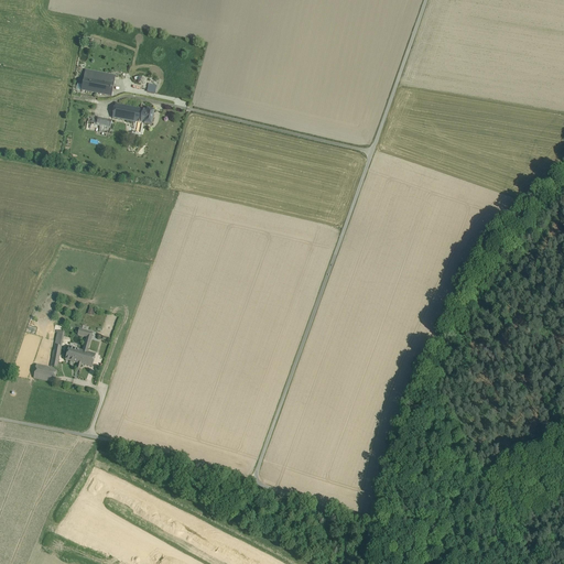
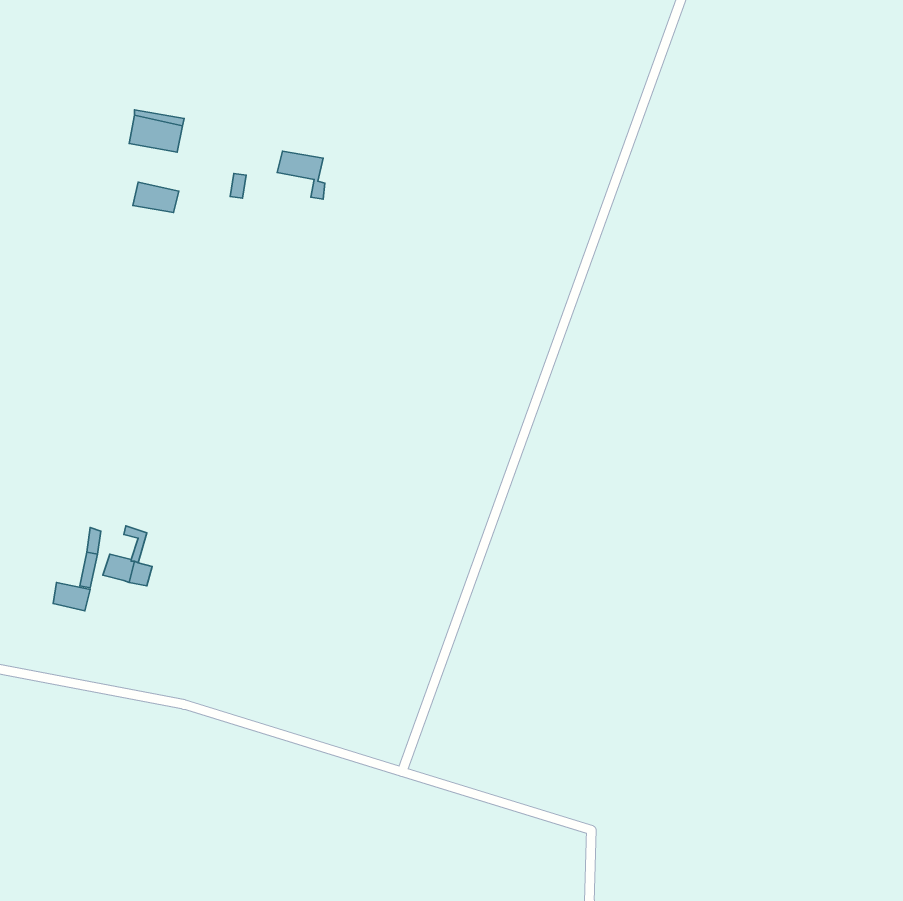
building: [111,102,141,132] -> [277,151,325,199]

